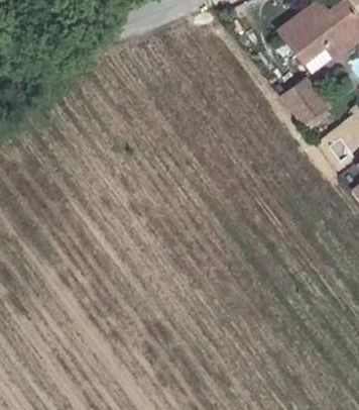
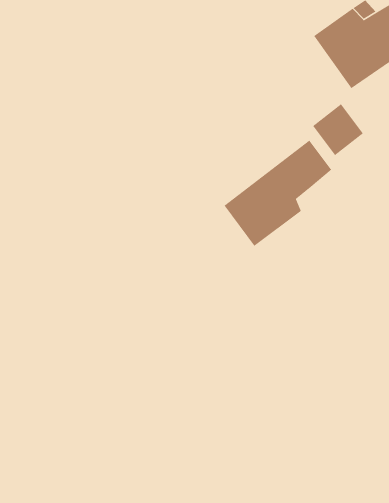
building: none -> [223,140,332,247]

